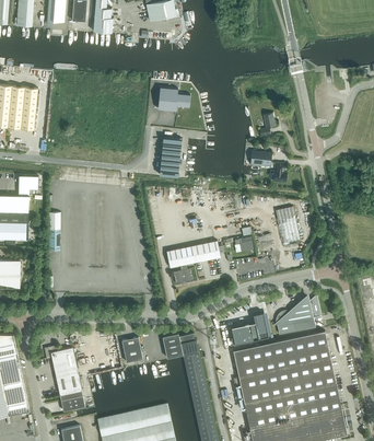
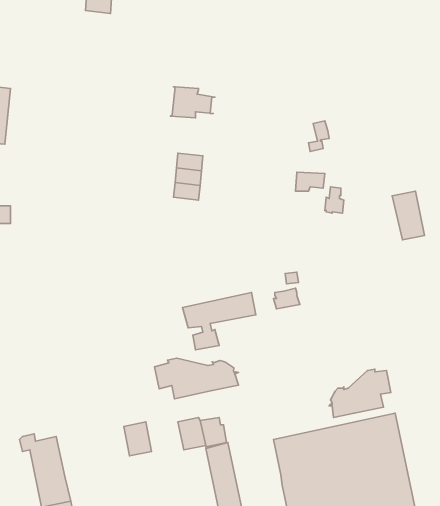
building: [276,207,300,243] -> [392,191,424,240]
building: none -> [154,358,238,399]
building: [232,312,269,344] -> none

